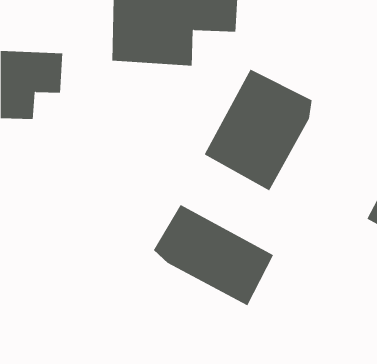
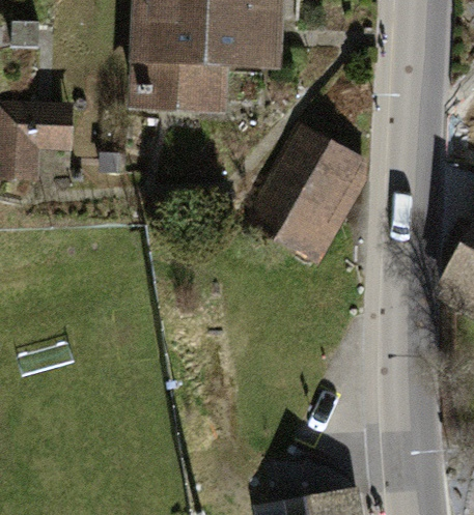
building: [153,204,274,306] -> none

